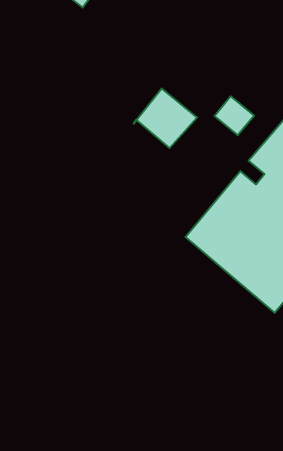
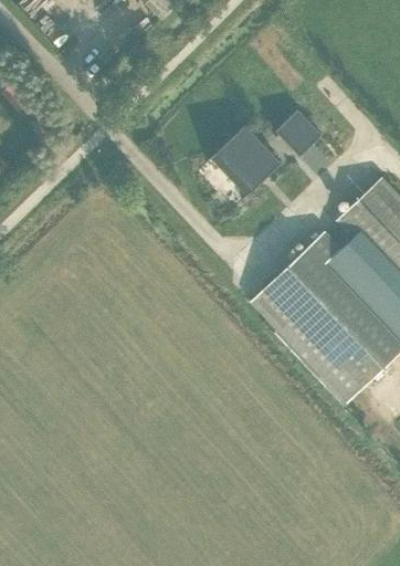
building: [214,96,254,135] -> [274,109,320,156]

